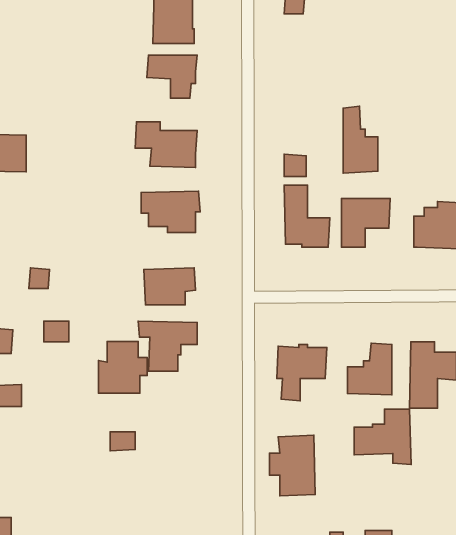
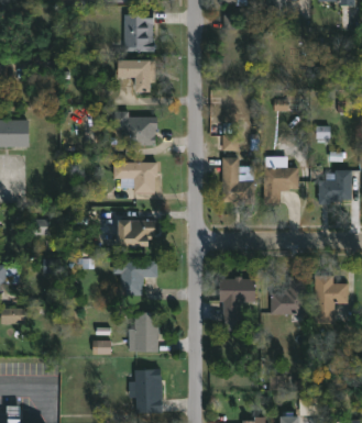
building: [343,106,378,173] -> none
building: [98,341,147,393] -> [128,312,164,350]
building: [354,409,411,465] -> none
building: [269,435,315,496] -> [128,368,162,413]

